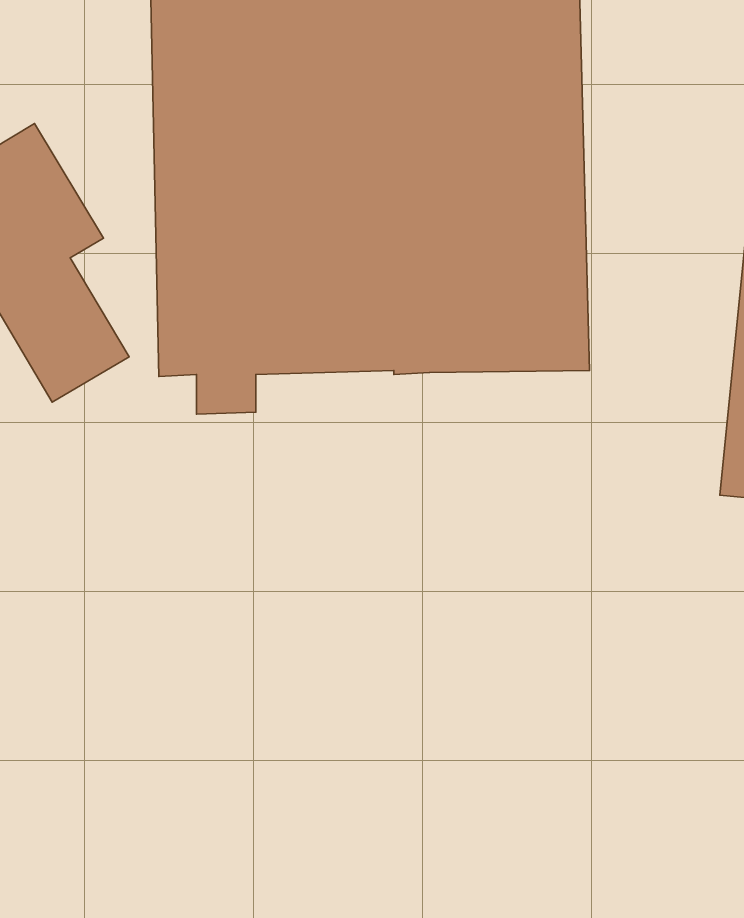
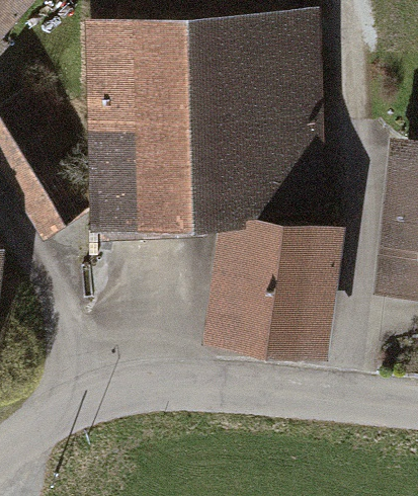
building: none -> [218,216,336,348]

